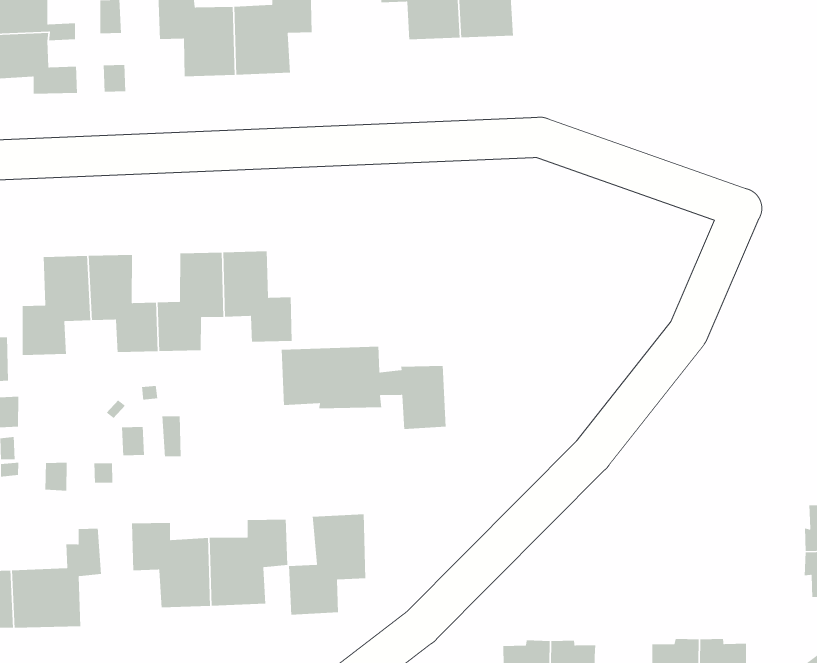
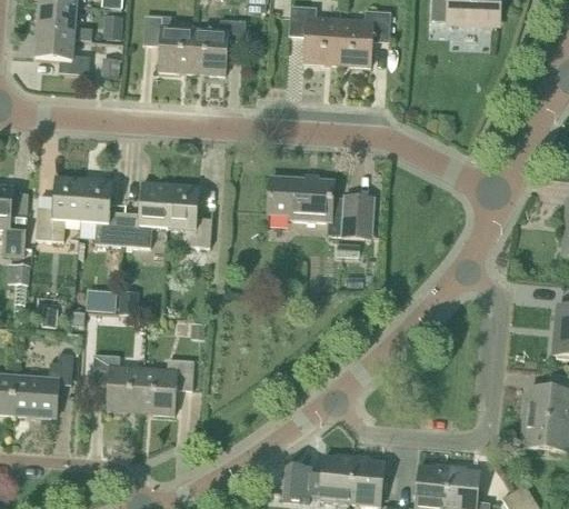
building: [281,346,447,430] -> [267,176,372,237]
building: [288,513,366,615] -> none

